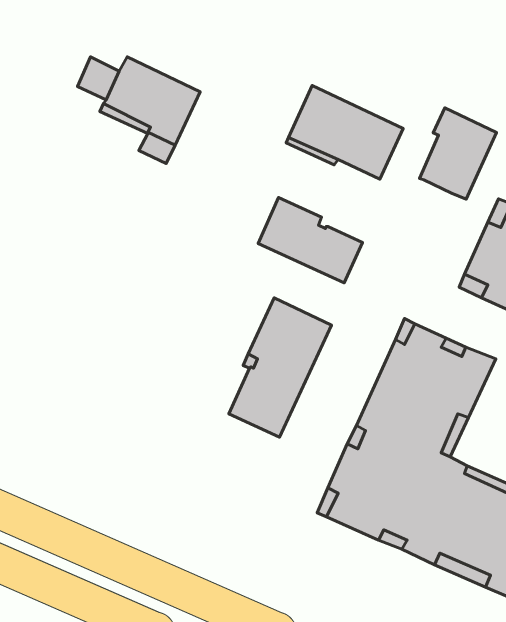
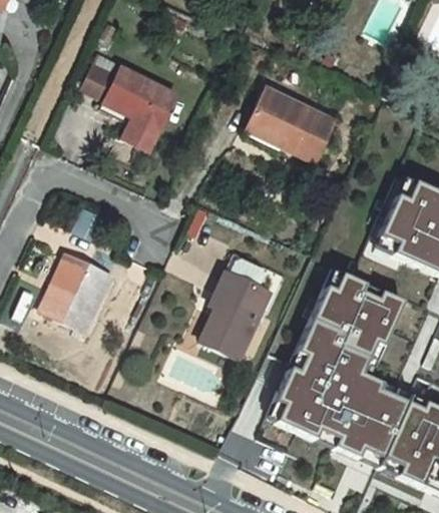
building: [419,108,497,199] -> none
building: [258,198,363,283] -> none
building: none -> [40,253,111,332]

